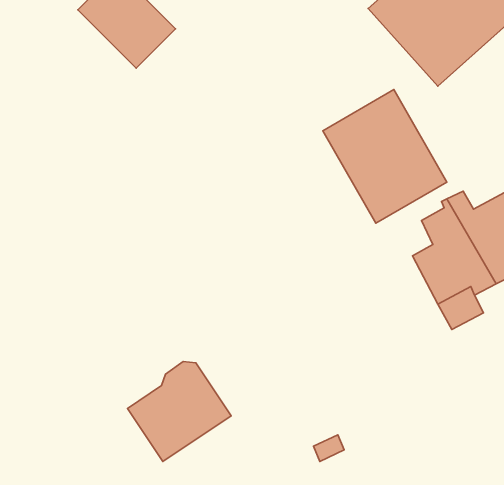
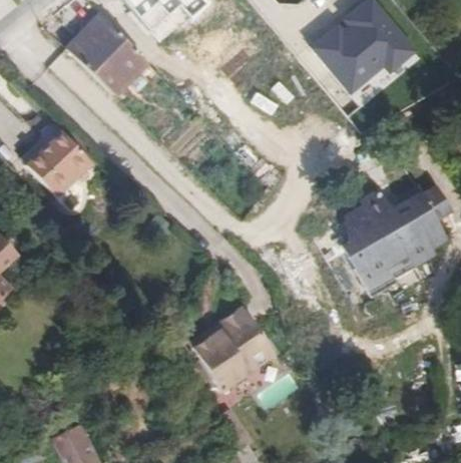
building: [323,90,447,223] -> none
building: none -> [25,129,84,185]
building: [127,361,231,462] -> [185,306,268,385]

